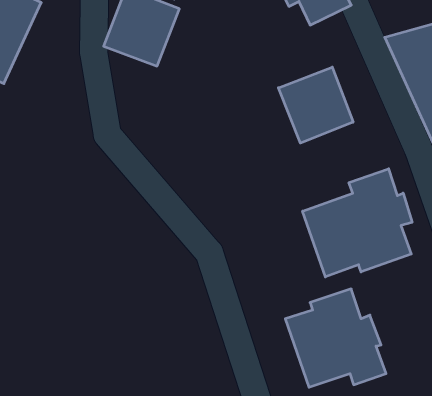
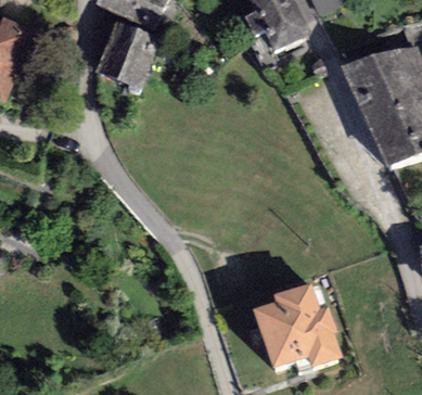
building: [278,67,353,143] -> none
building: [303,169,412,277] -> none

